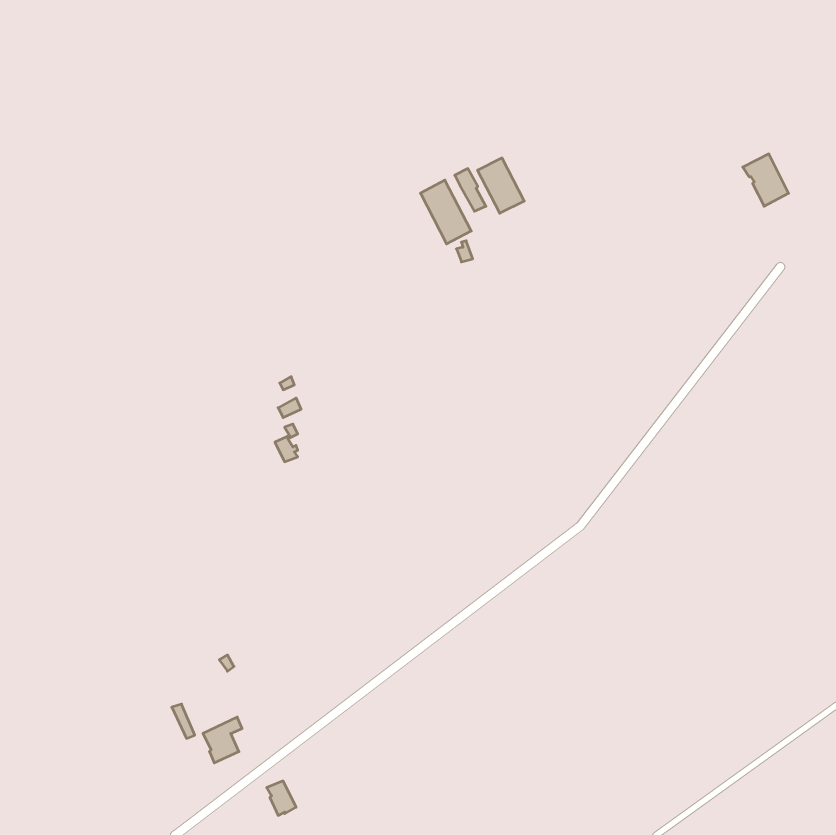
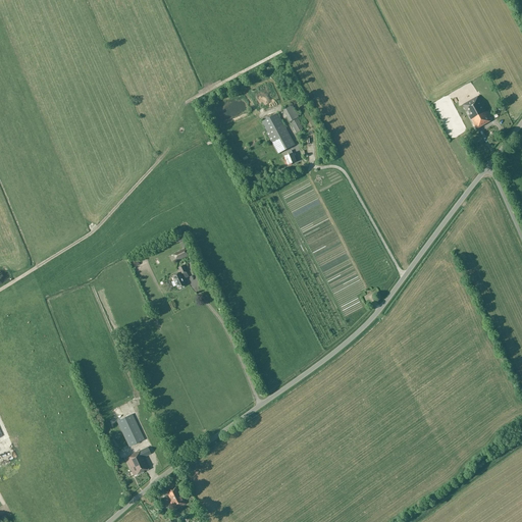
building: [478,158,524,213] -> none
building: none -> [116,413,144,446]

